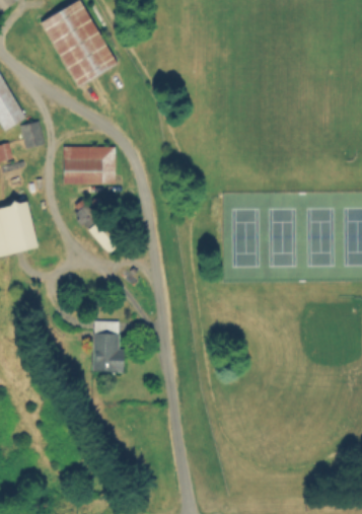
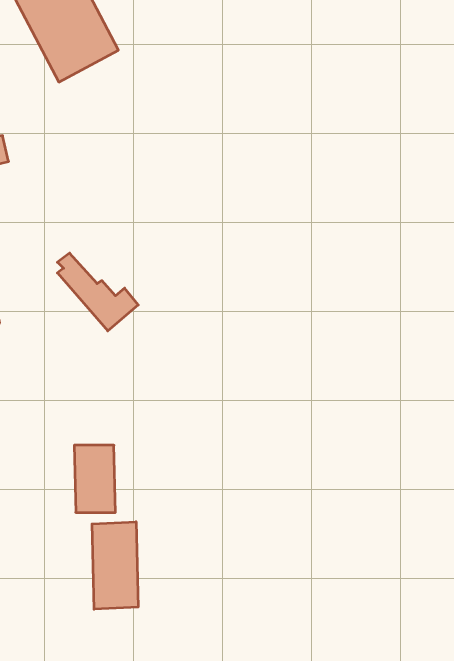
building: [65,147,116,183] -> none
building: none -> [92,522,138,609]

